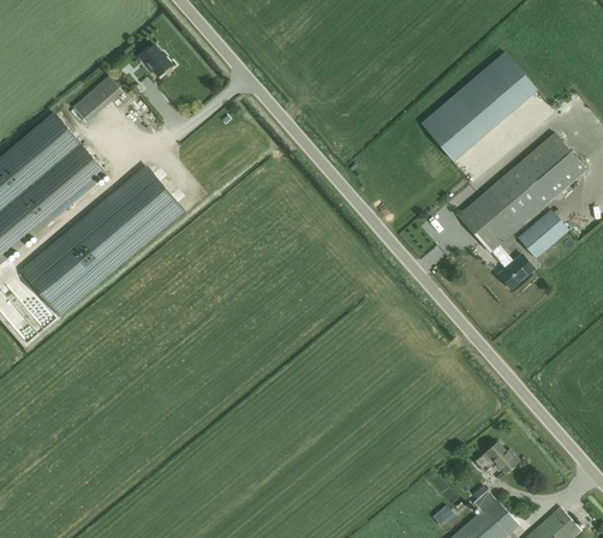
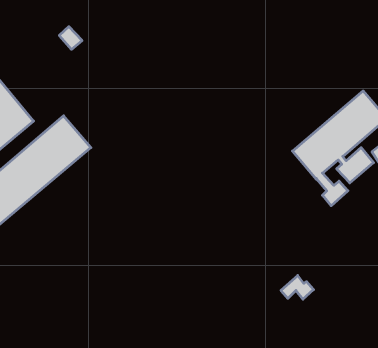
building: [425,44,541,153] -> none
building: [72,77,121,122] -> none
building: [473,442,518,474] -> [281,275,314,299]

